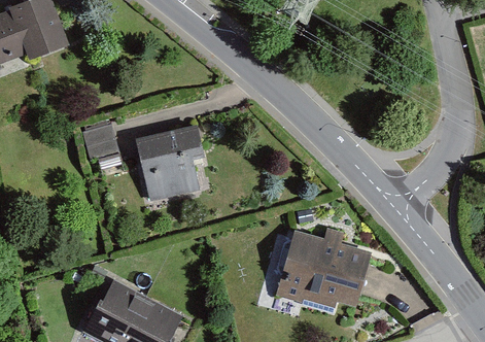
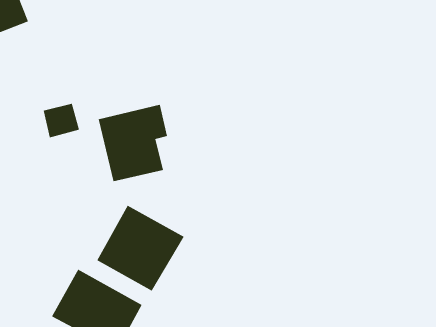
building: none -> [97,205,184,292]
building: [274,226,371,307] -> none

